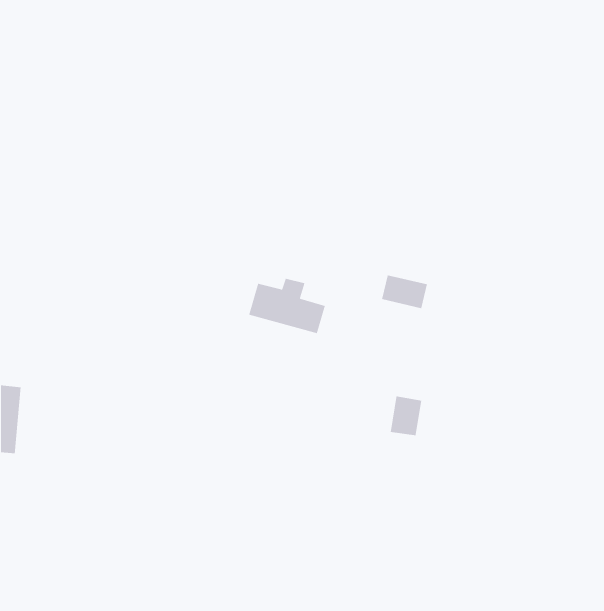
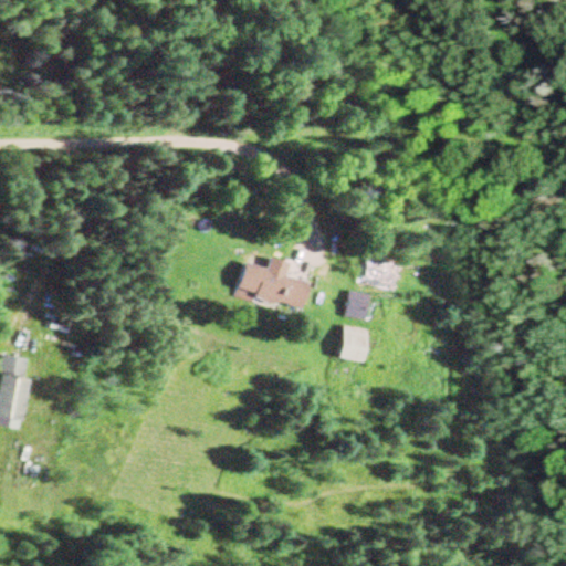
building: none -> [345,291,371,321]
building: [390,395,422,436] -> [338,325,368,363]

